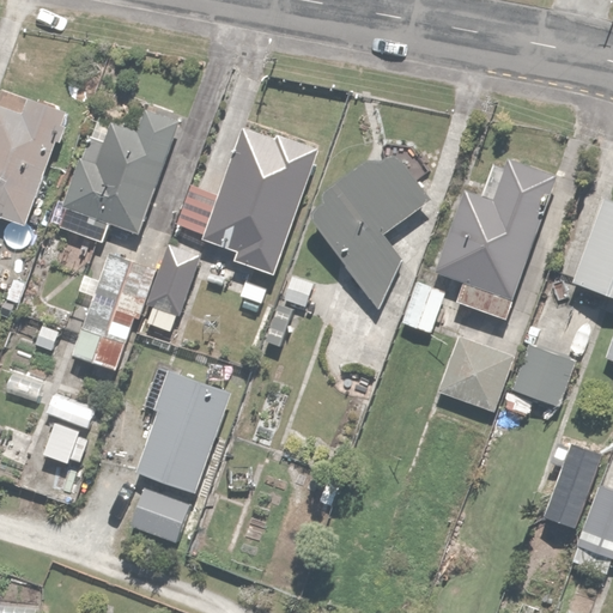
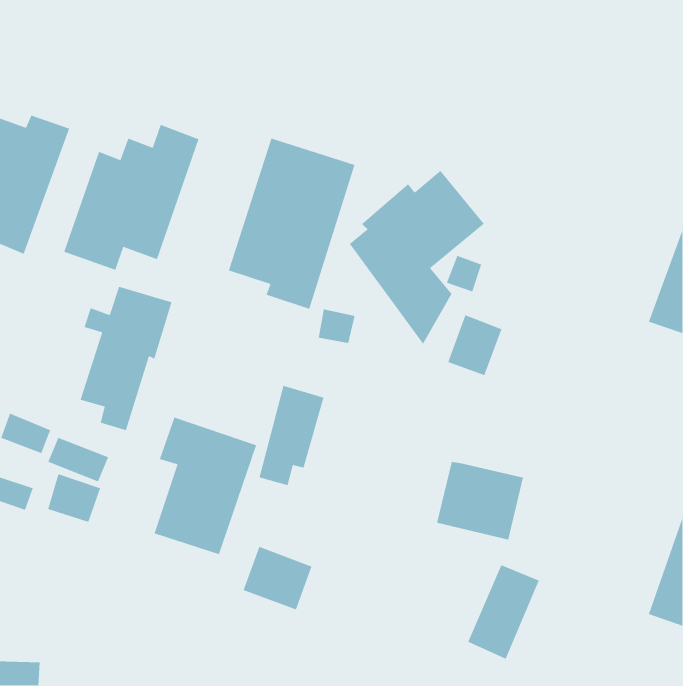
building: [436,157,558,323] -> none
building: [144,241,202,330] -> [259,385,325,486]
building: [432,340,510,411] -> [436,461,524,541]
building: [511,344,573,408] -> none
building: [538,441,602,526] -> [467,564,540,660]
building: [128,487,190,545] -> [243,546,313,611]

